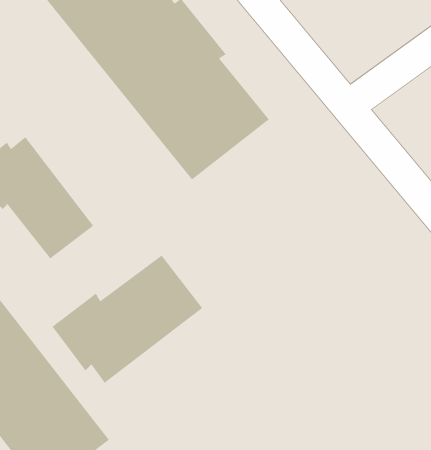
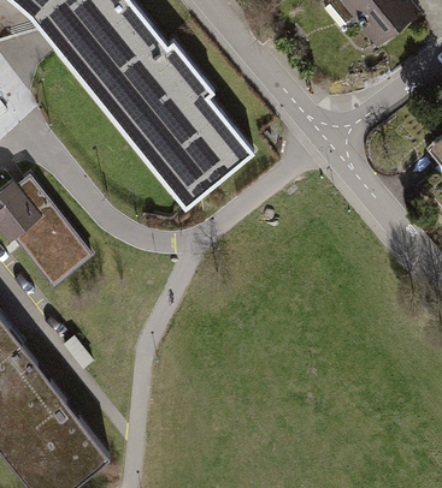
building: [51,254,203,384] -> none

